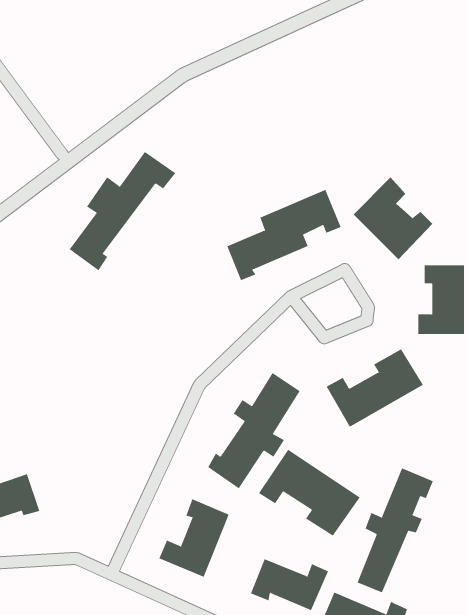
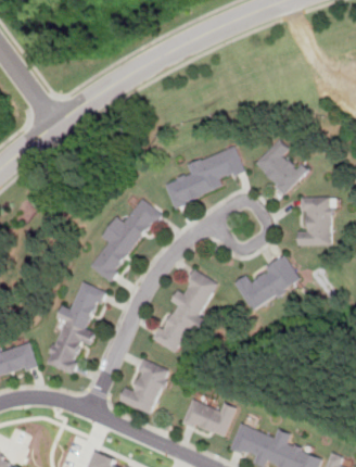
building: [69,151,176,271] -> [90,199,164,281]
building: none -> [46,282,105,374]
building: [258,449,360,537] -> none
building: [357,468,434,593] -> none

